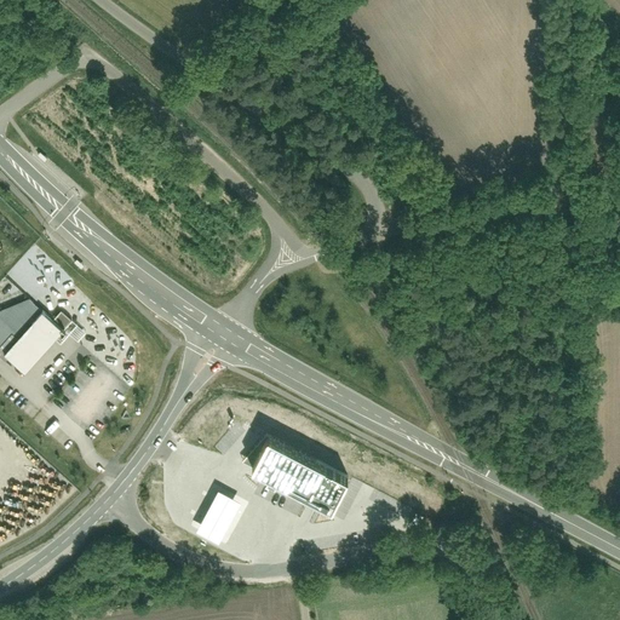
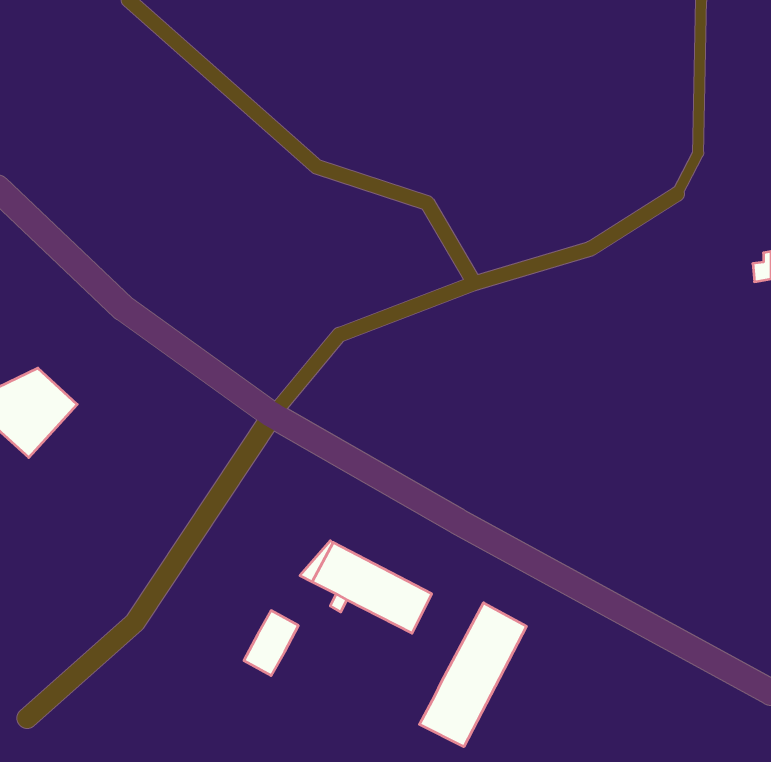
building: none -> [419,603,526,747]

